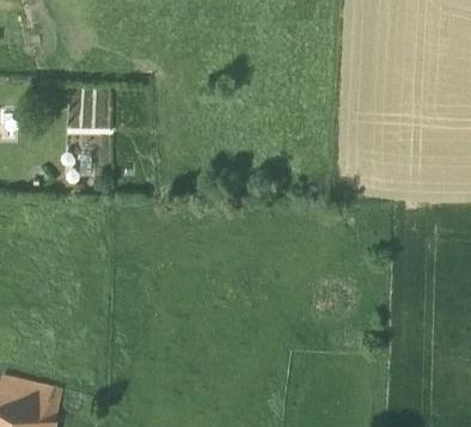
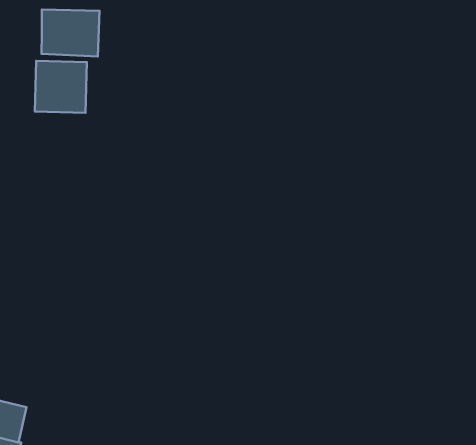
building: none -> [41,9,100,57]

